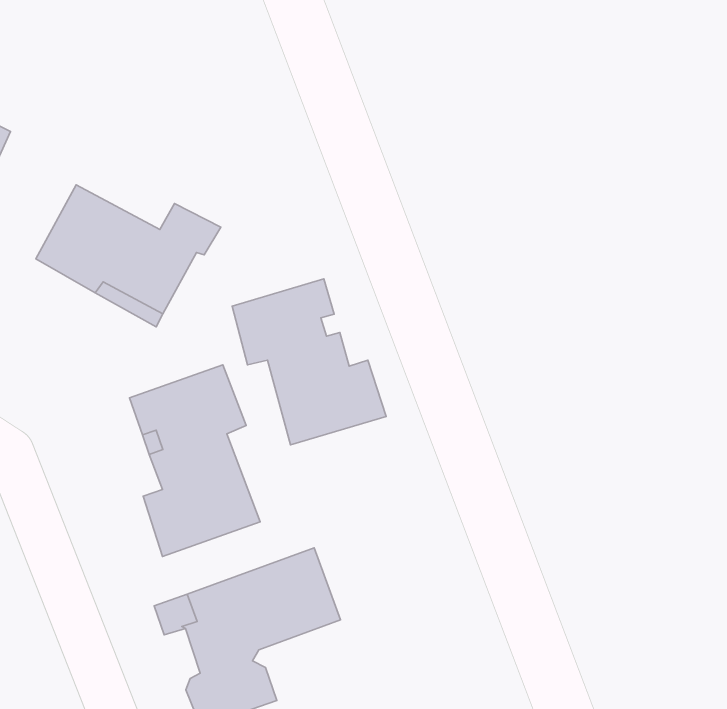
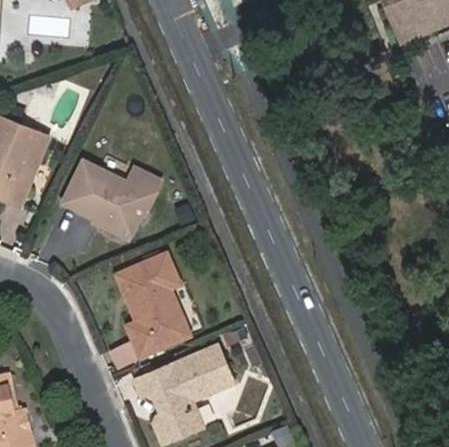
building: [232,279,386,445] -> none

